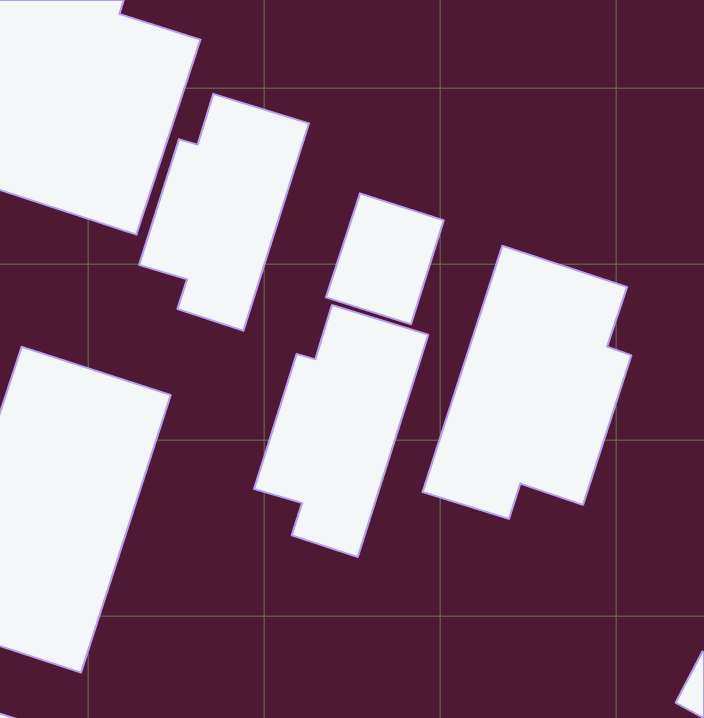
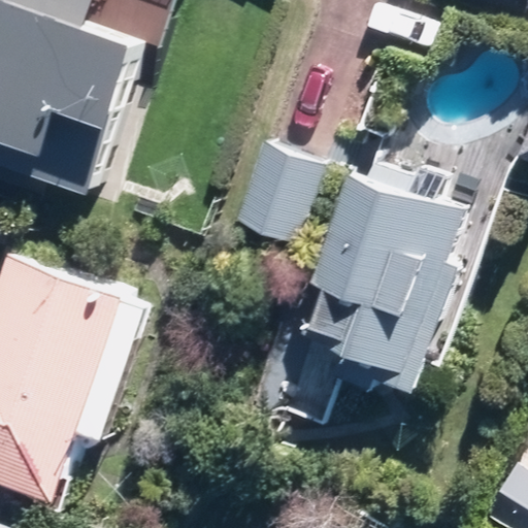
building: [139,94,309,331] -> none
building: [254,305,428,557] -> none

